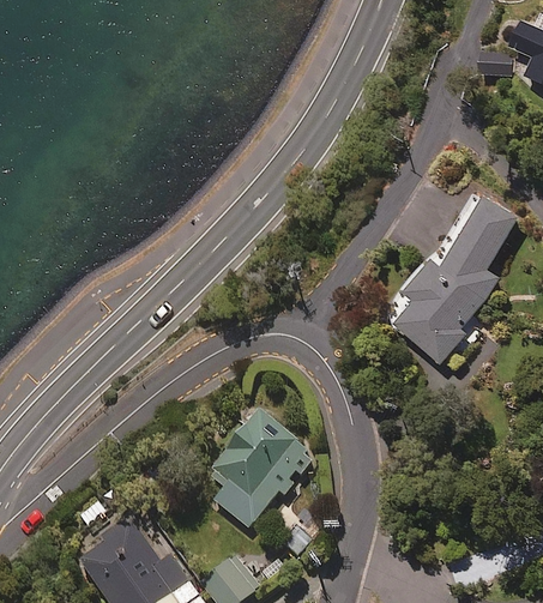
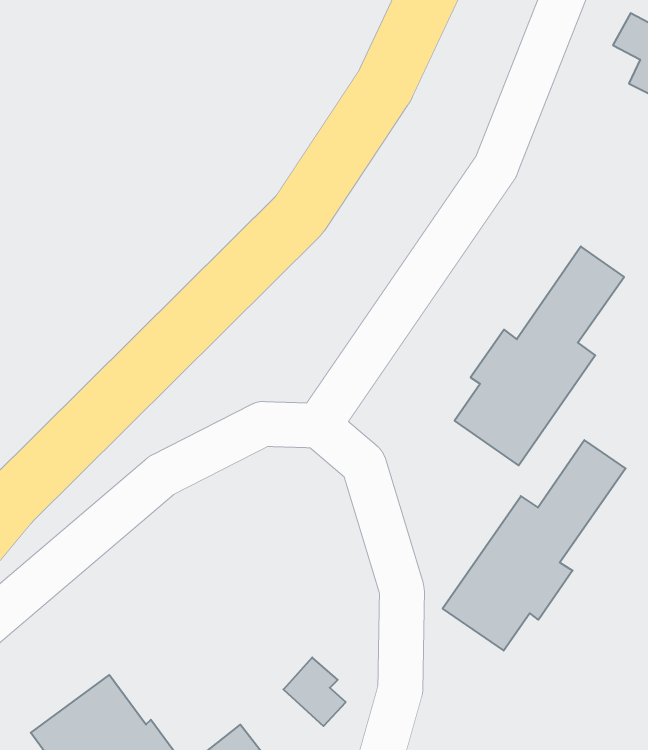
building: none -> [443,440,626,651]
building: [205,410,312,527] -> none

